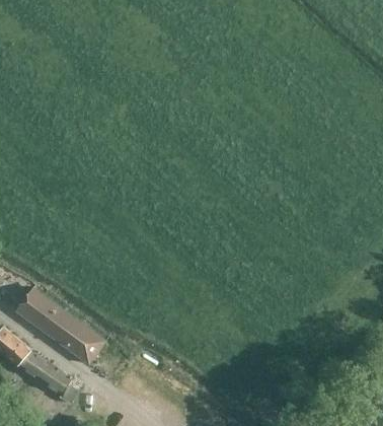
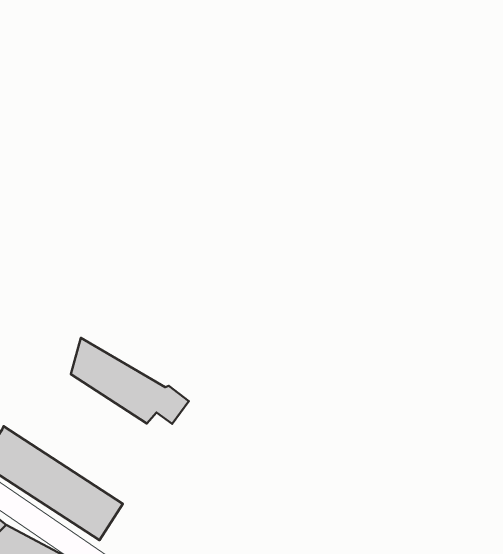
building: none -> [71,338,189,424]

